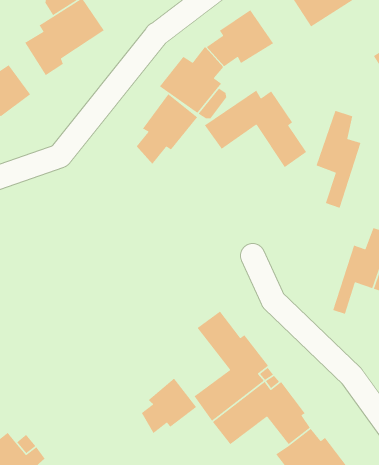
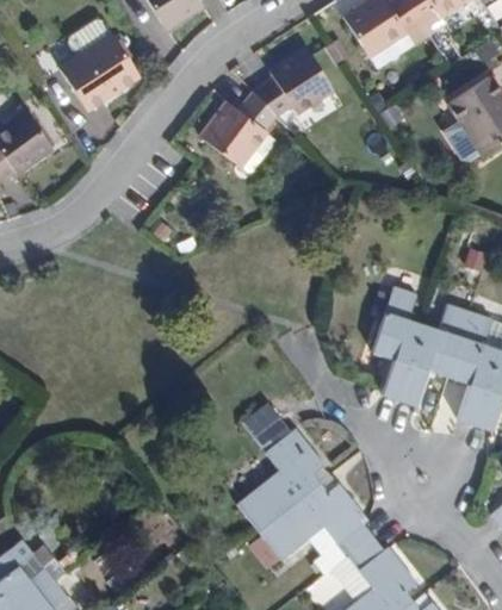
building: [204,90,307,168] -> none
building: [136,93,198,165] -> none
building: [316,110,361,209] -> [372,286,426,402]
building: [141,377,197,434] -> none

